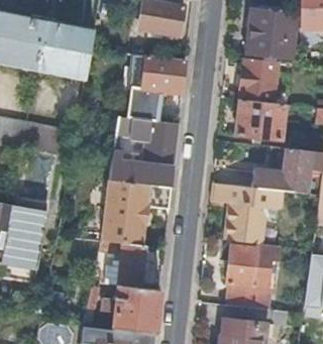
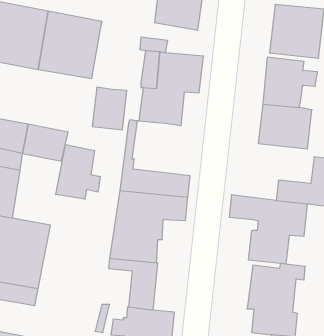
building: [147,118,179,156] -> [92,87,127,130]
building: none -> [56,145,100,199]

